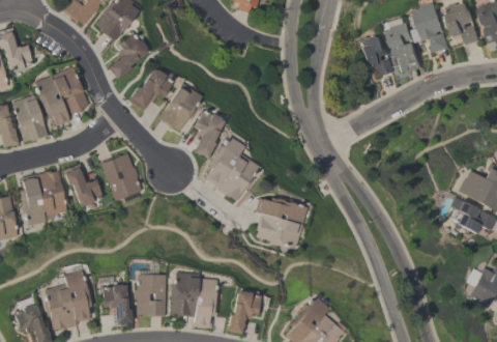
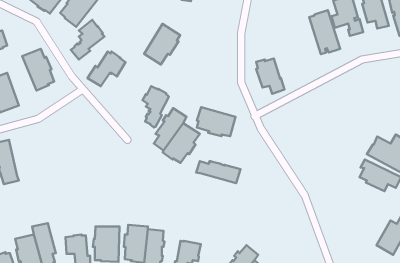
building: [360,34,393,76] -> [256,58,284,94]
building: [35,75,70,125] -> none
building: [159,83,202,131] -> [144,24,180,64]
building: [101,152,144,201] -> none
building: [63,163,104,206] -> none
building: [36,170,68,216] -> none
building: [257,212,302,247] -> [197,107,236,136]

